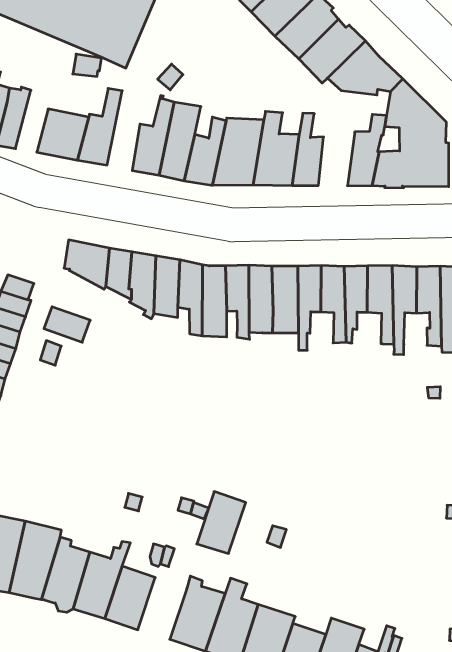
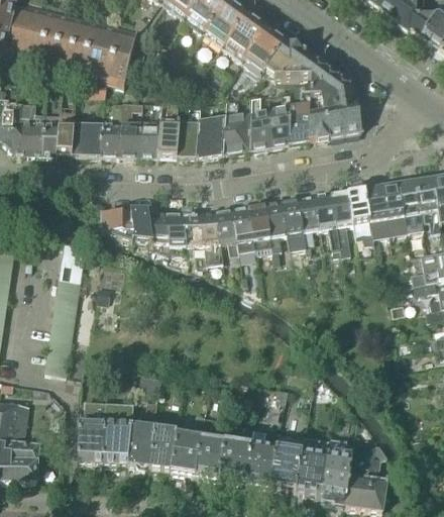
building: none -> [56,107,76,153]
building: none -> [121,101,142,156]
building: none -> [268,91,291,144]
building: [197,492,246,553] -> [196,436,225,478]

